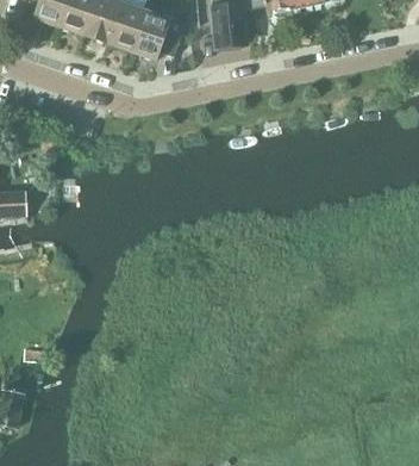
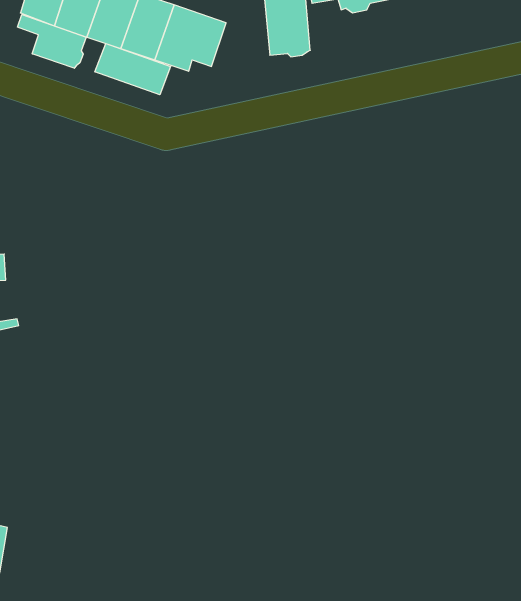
building: none -> [18,15,86,68]
building: none -> [95,44,171,95]

